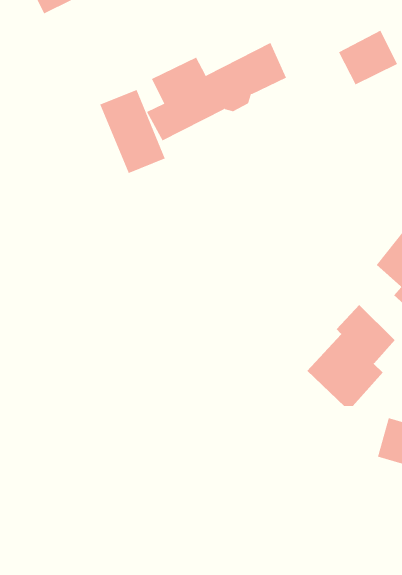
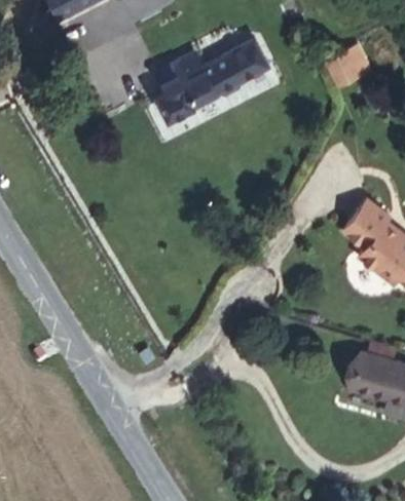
building: [100,89,166,174] -> none
building: [307,304,395,407] -> none

